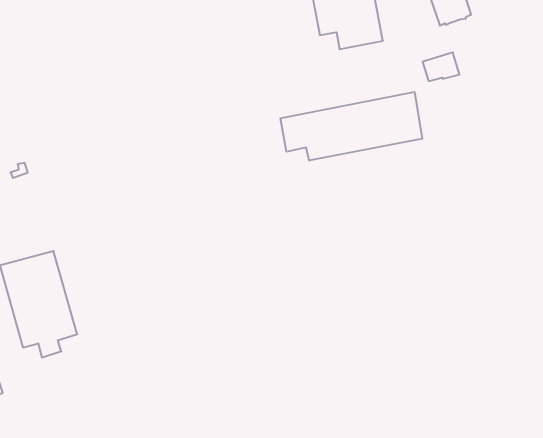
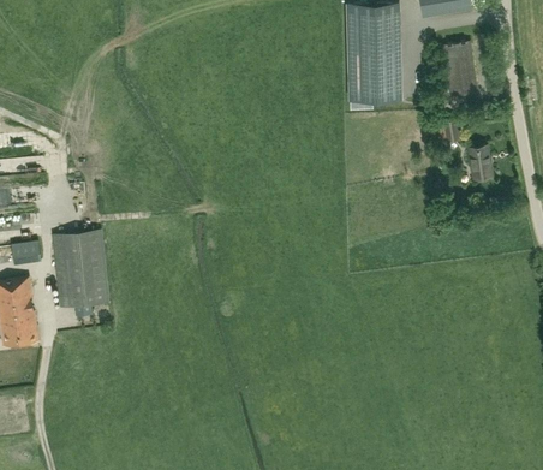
building: none -> [469,145,491,179]
building: [280,92,422,161] -> none

